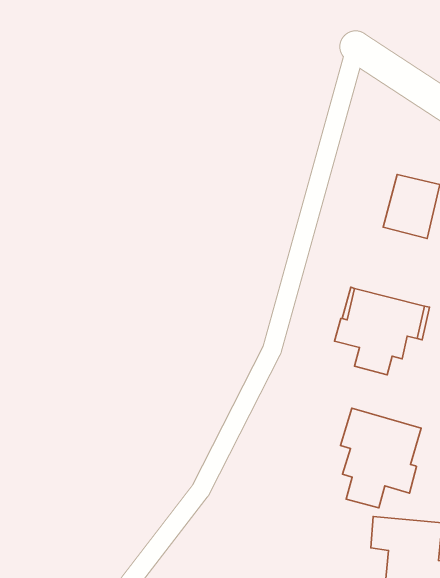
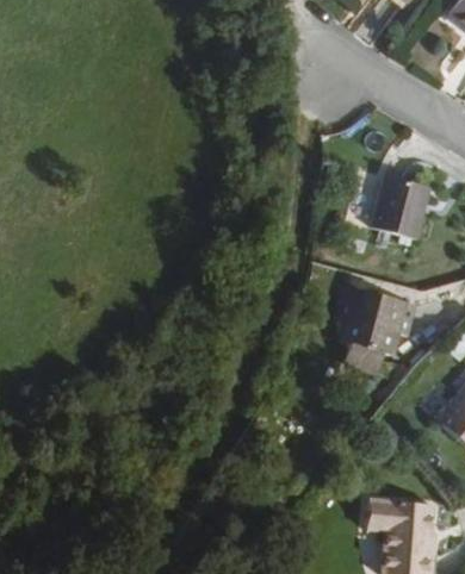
building: [340,408,421,508] -> none

